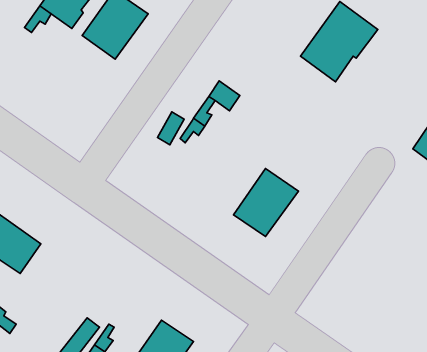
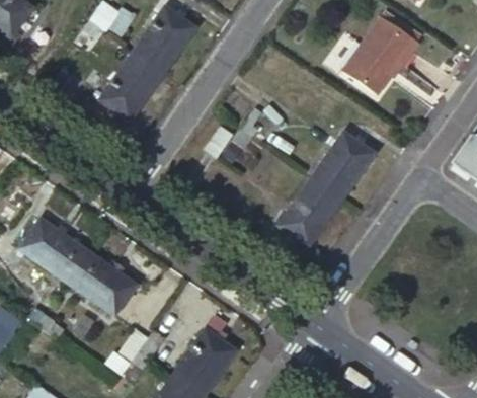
building: none -> [96,49,162,121]
building: none -> [310,133,376,202]
building: none -> [69,253,135,313]

